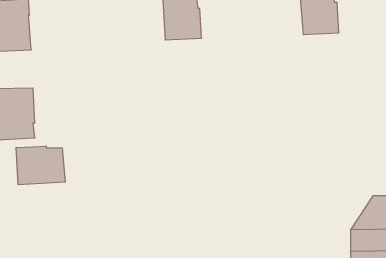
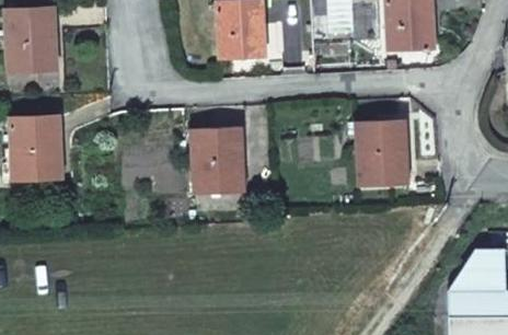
building: none -> [357,120,408,185]
building: none -> [193,128,243,194]
building: [16,146,65,185] -> none

